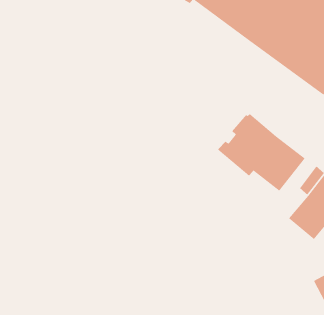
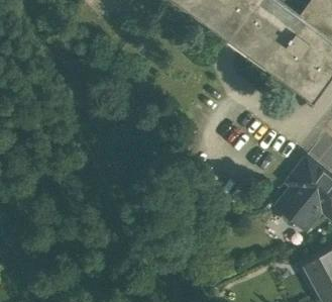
building: [217,113,306,192] -> none

